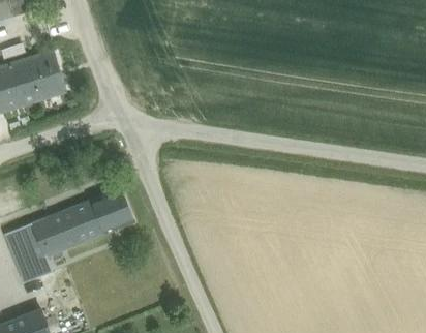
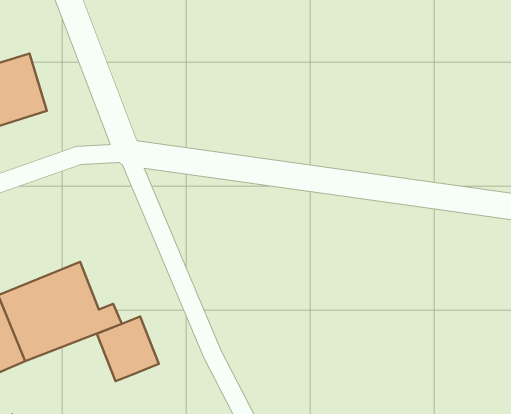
building: [90,187,134,234] -> [97,317,159,381]

